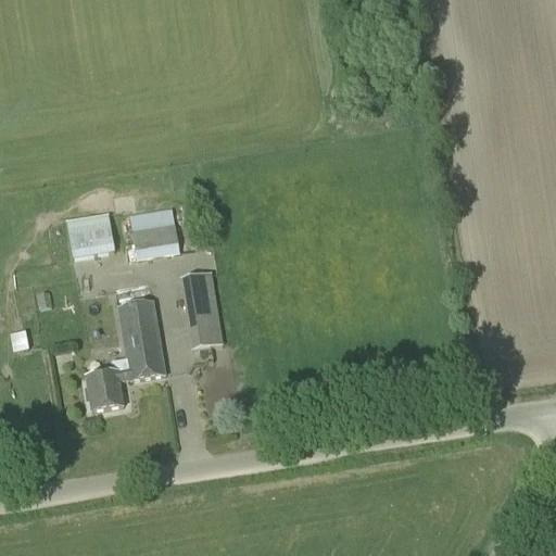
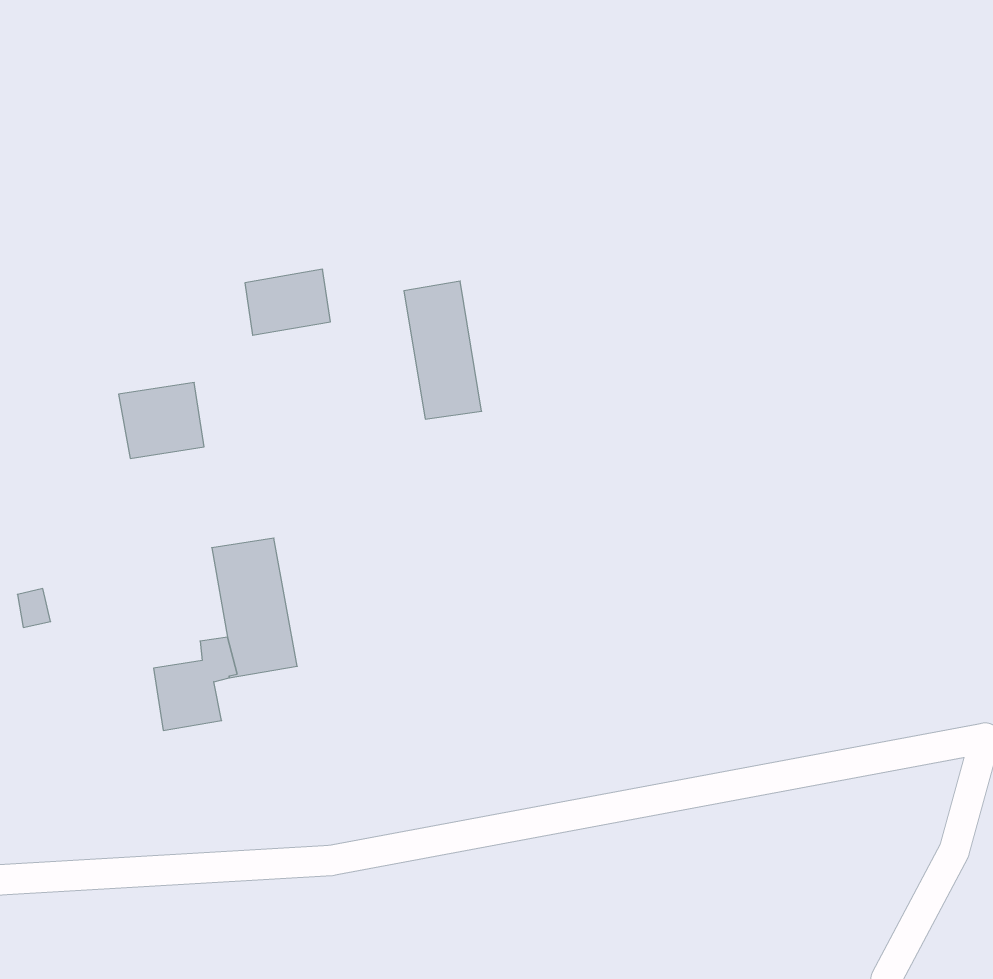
building: [131,222,179,258] -> [245,269,330,335]
building: [179,269,223,346] -> [404,281,482,419]

